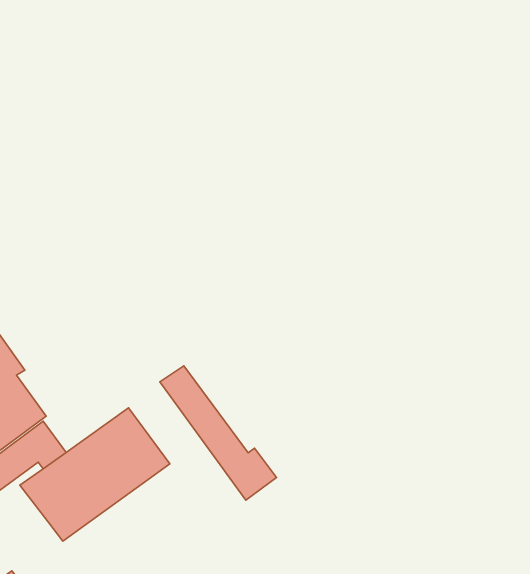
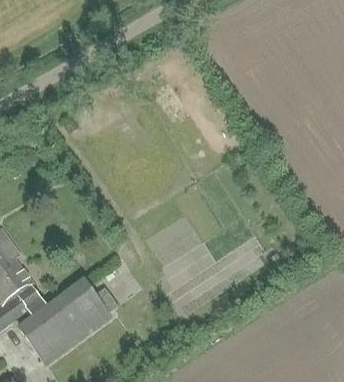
building: [160,366,277,500] -> none

